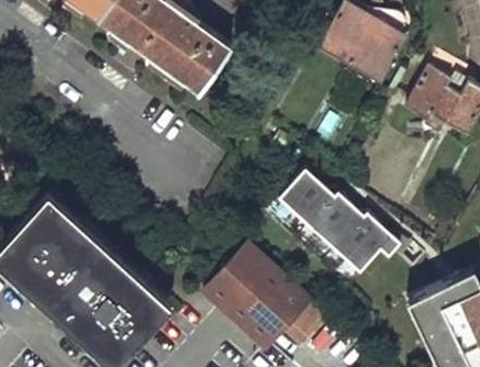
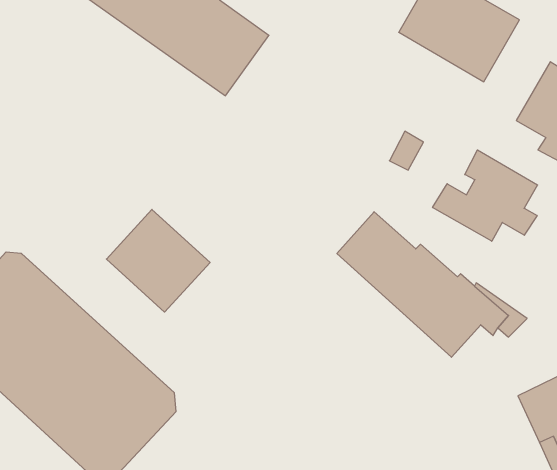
building: none -> [433,150,538,241]
building: none -> [106,209,210,312]
building: [203,245,316,349] -> none

